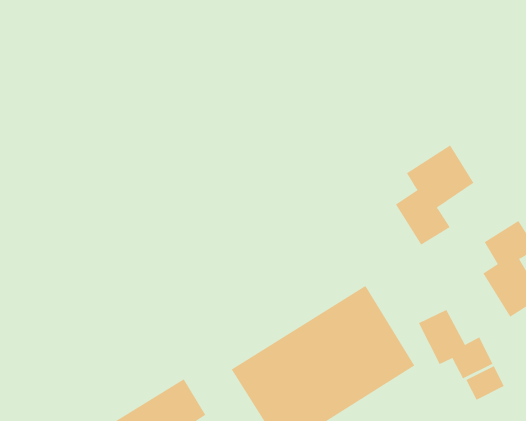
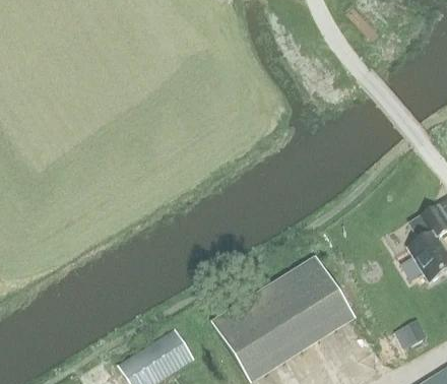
building: [395,144,474,246] -> none
building: [418,309,493,379] -> none

